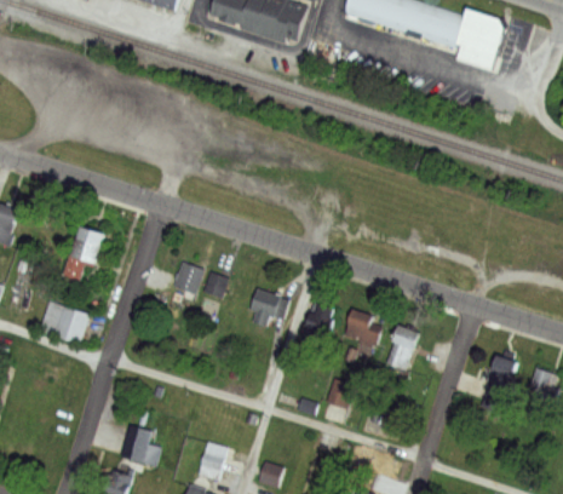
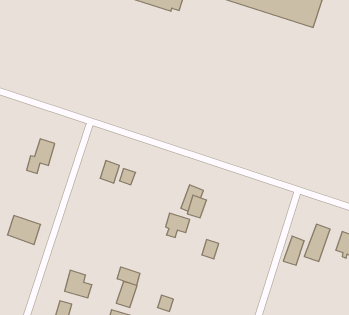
building: [251,289,287,326] -> [166,213,190,237]
building: [39,300,88,344] -> [7,216,41,245]
building: [344,311,381,349] -> none
building: [385,327,416,370] -> [283,236,304,265]
building: none -> [117,267,140,285]

